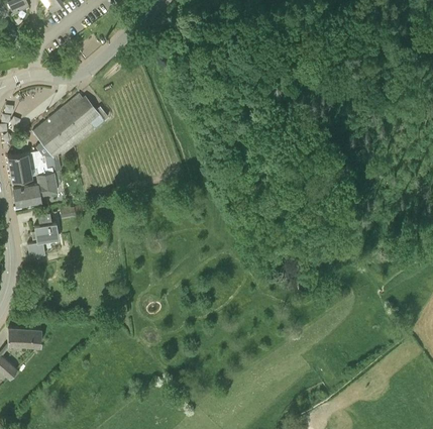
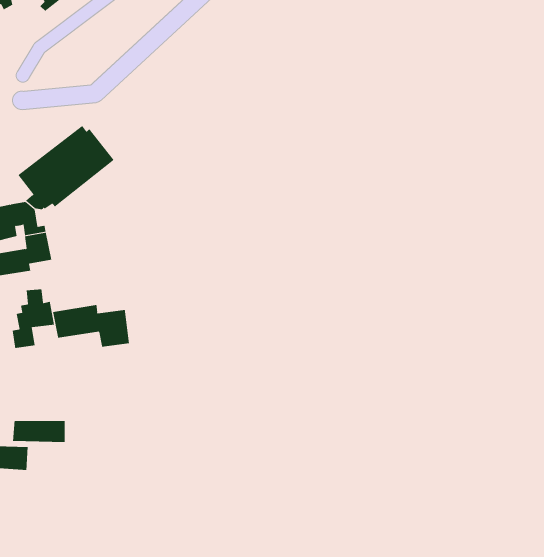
building: none -> [52,304,129,347]
building: none -> [13,420,65,443]

